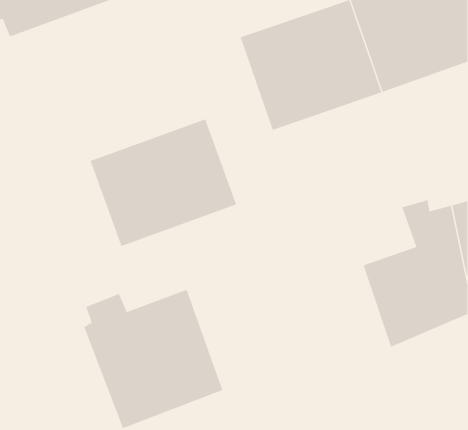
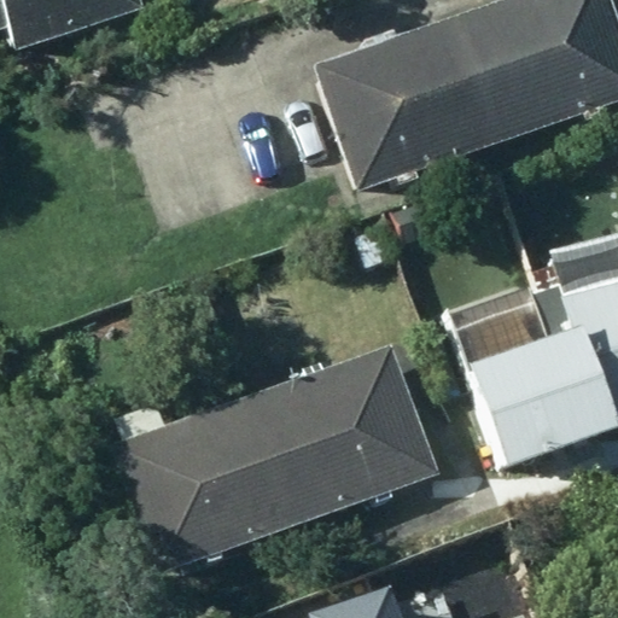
building: [90,118,237,247] -> none
building: none -> [246,340,439,525]

